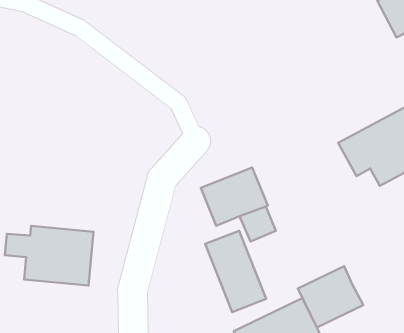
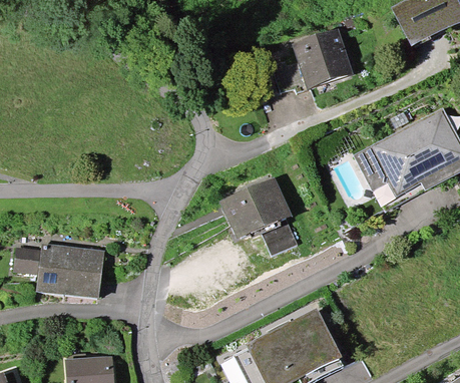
building: none -> [294,32,351,85]
building: [205,231,266,312] -> none
building: [298,266,363,327] -> none

